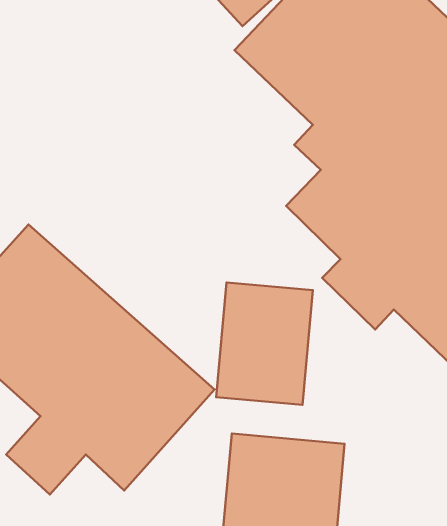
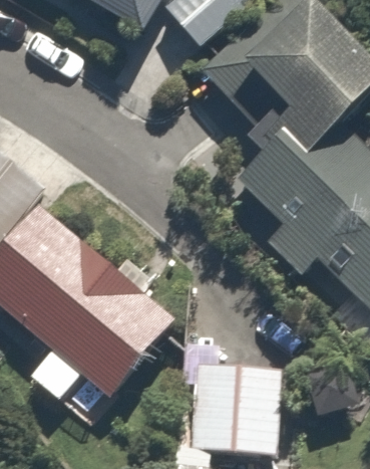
building: [216,283,313,405] -> none

